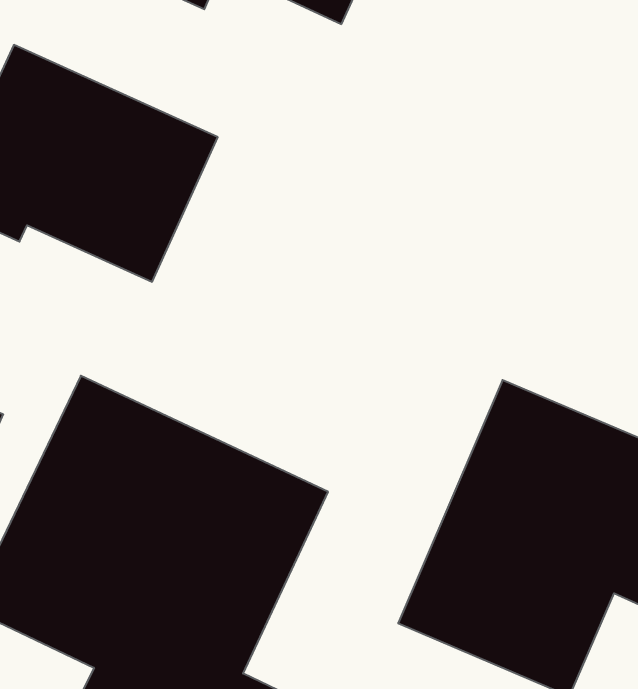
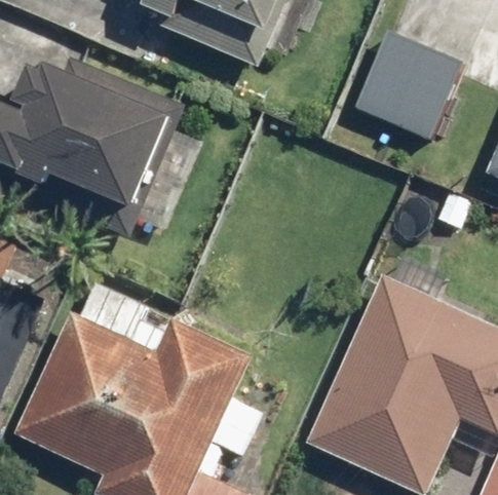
building: none -> [349,29,466,145]

